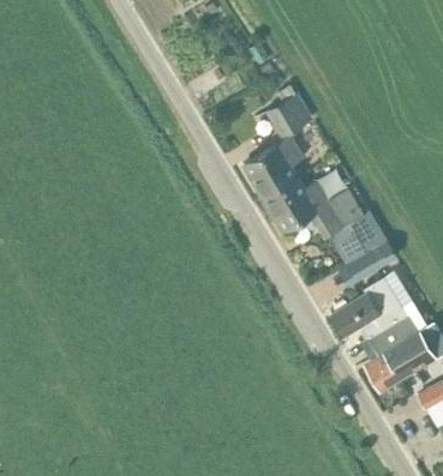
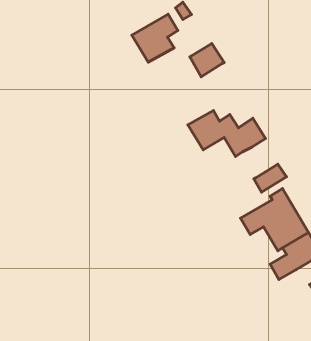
building: [246,137,304,197] -> [132,14,178,62]
building: [335,213,383,263] -> none

